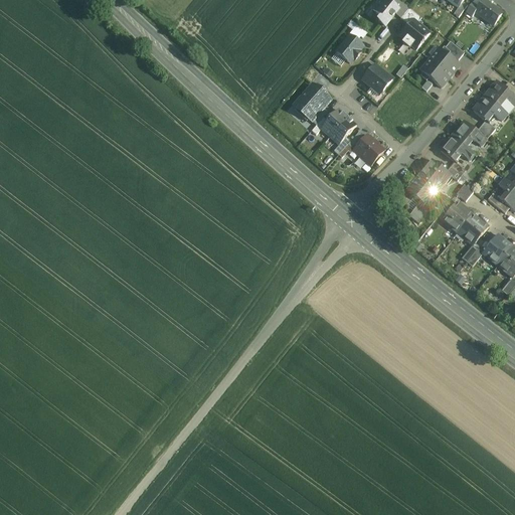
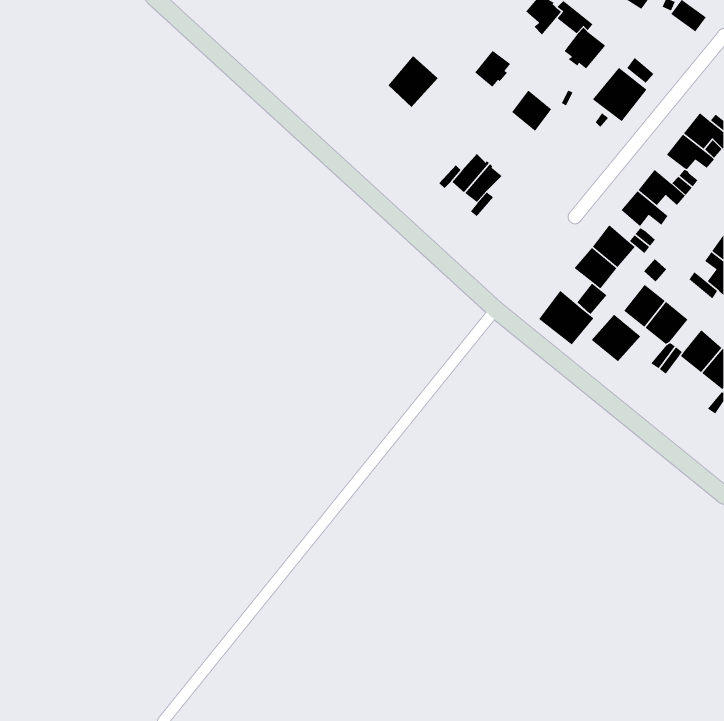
building: [294,83,330,121] -> [387,55,438,108]
building: [353,135,383,164] -> none
building: none -> [538,290,594,346]
building: none -> [591,314,641,362]

